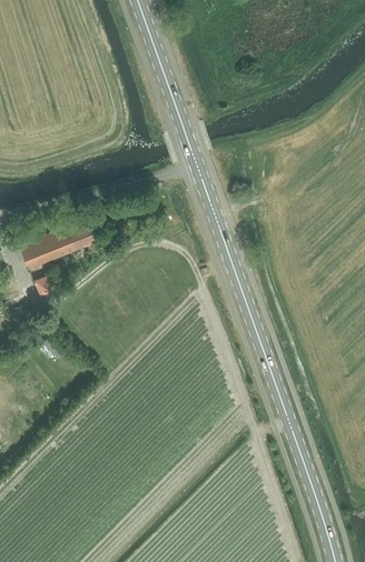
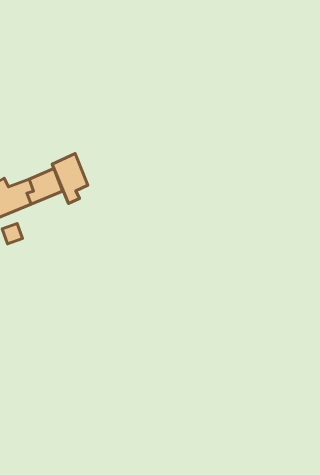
building: none -> [52,154,88,203]

